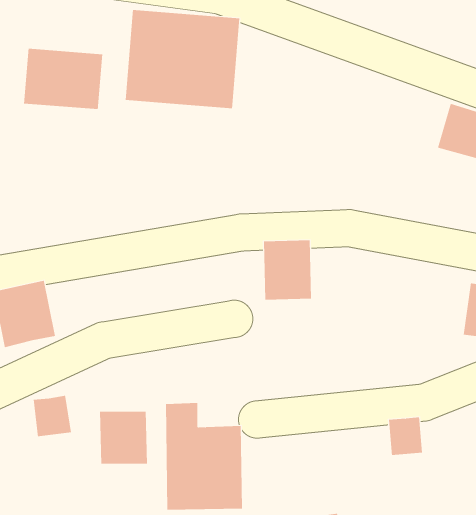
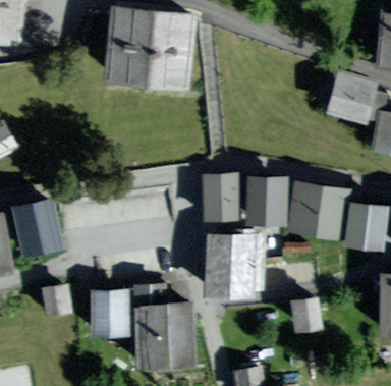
building: [23,48,103,110] -> none
building: none -> [249,179,287,221]
building: none -> [291,185,346,240]
building: none -> [208,237,258,293]

